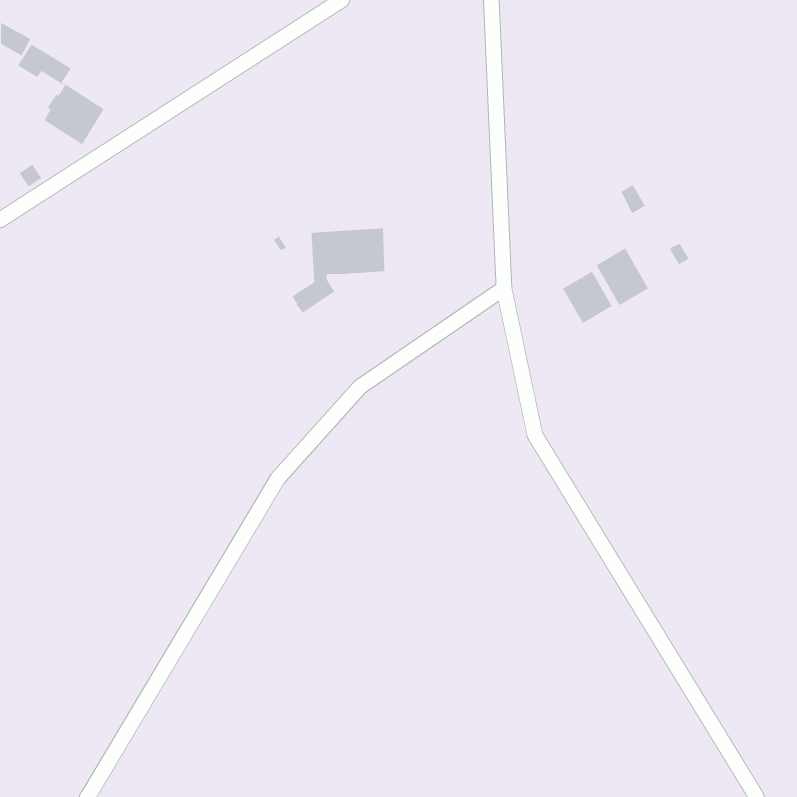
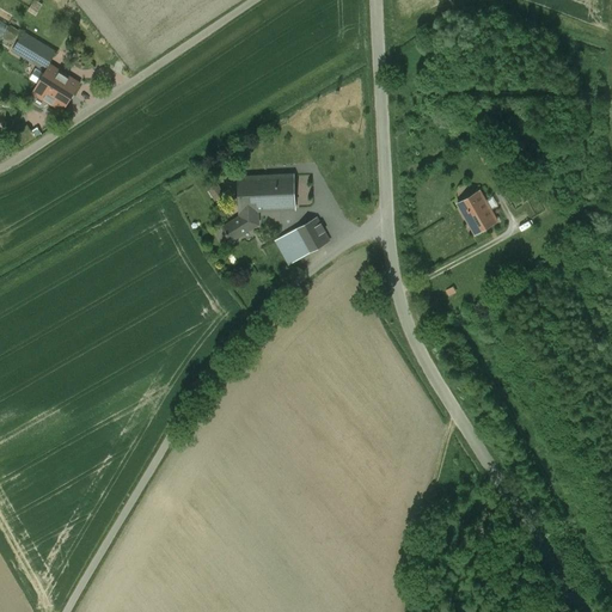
building: [562,271,613,324] -> none
building: none -> [276,218,329,264]

